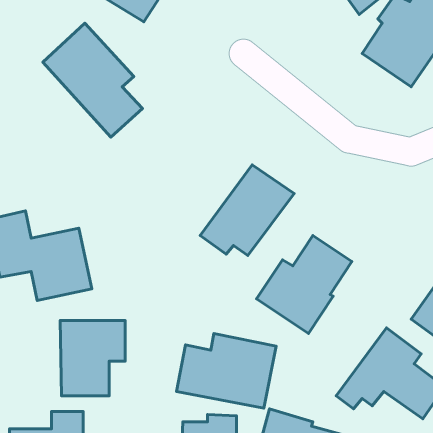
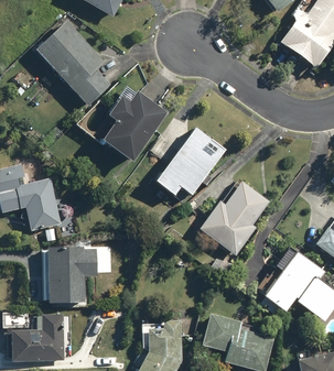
building: none -> [99,86,166,161]
building: [177,334,276,408] -> none

